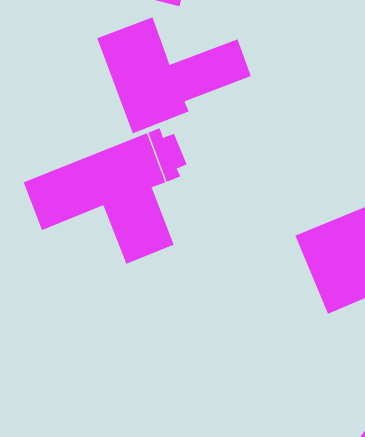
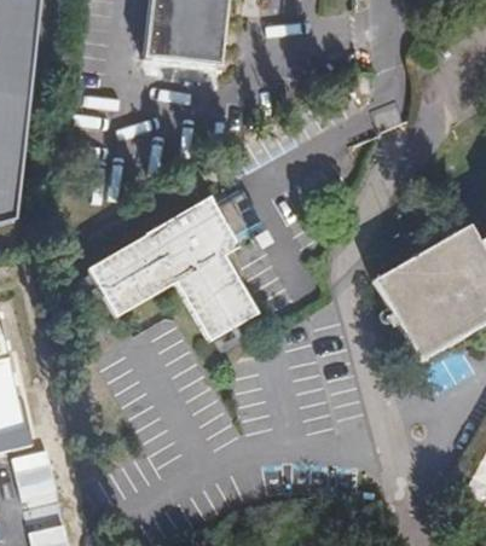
building: [97,16,251,134] -> none

